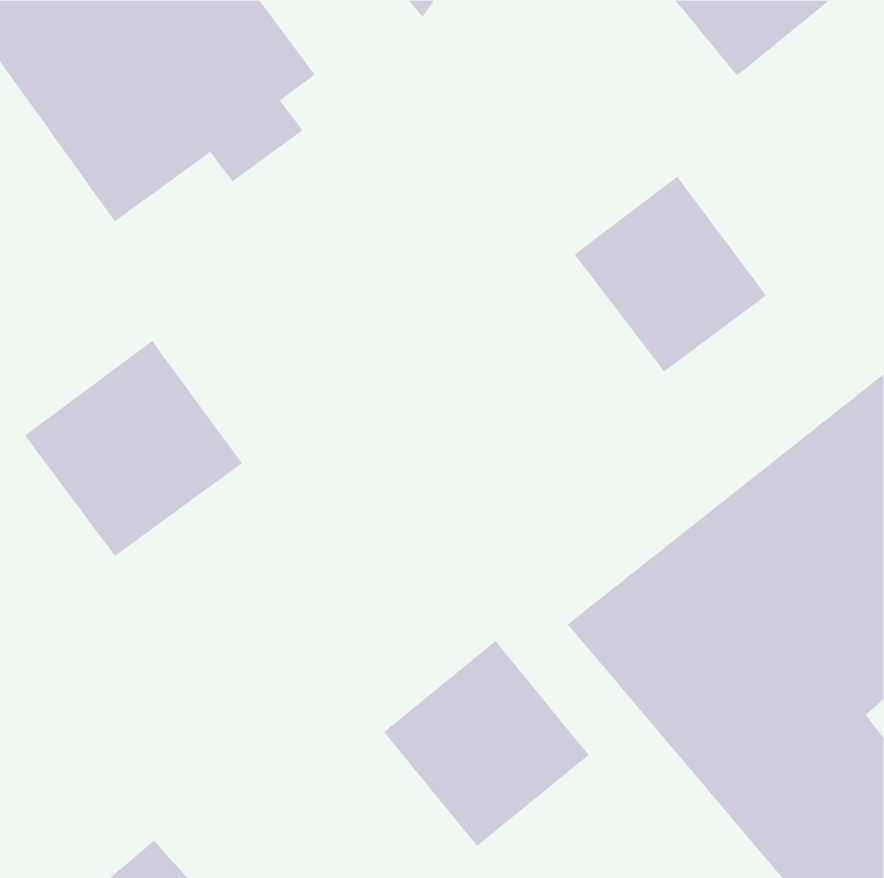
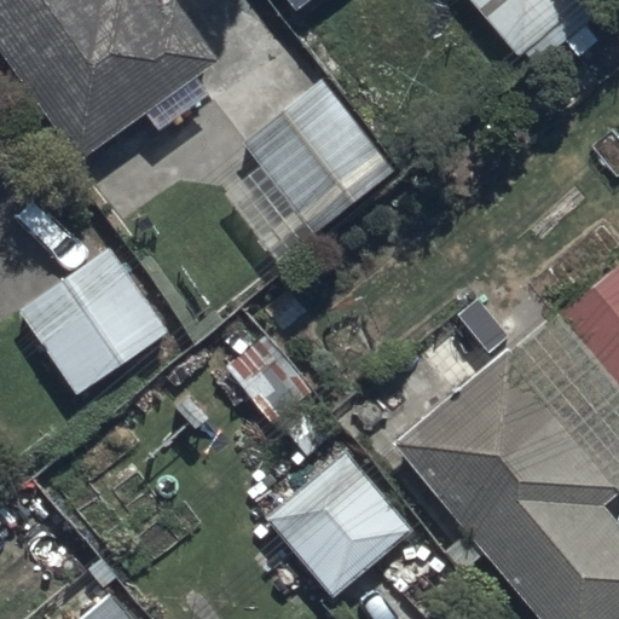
building: none -> [243,80,395,236]
building: [574,176,767,373] -> none

